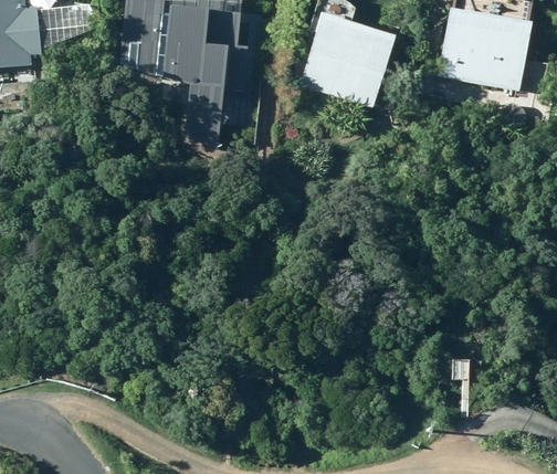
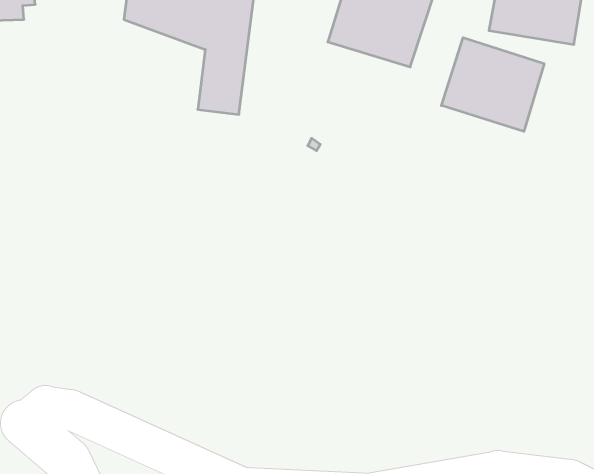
building: none -> [441,38,544,131]

